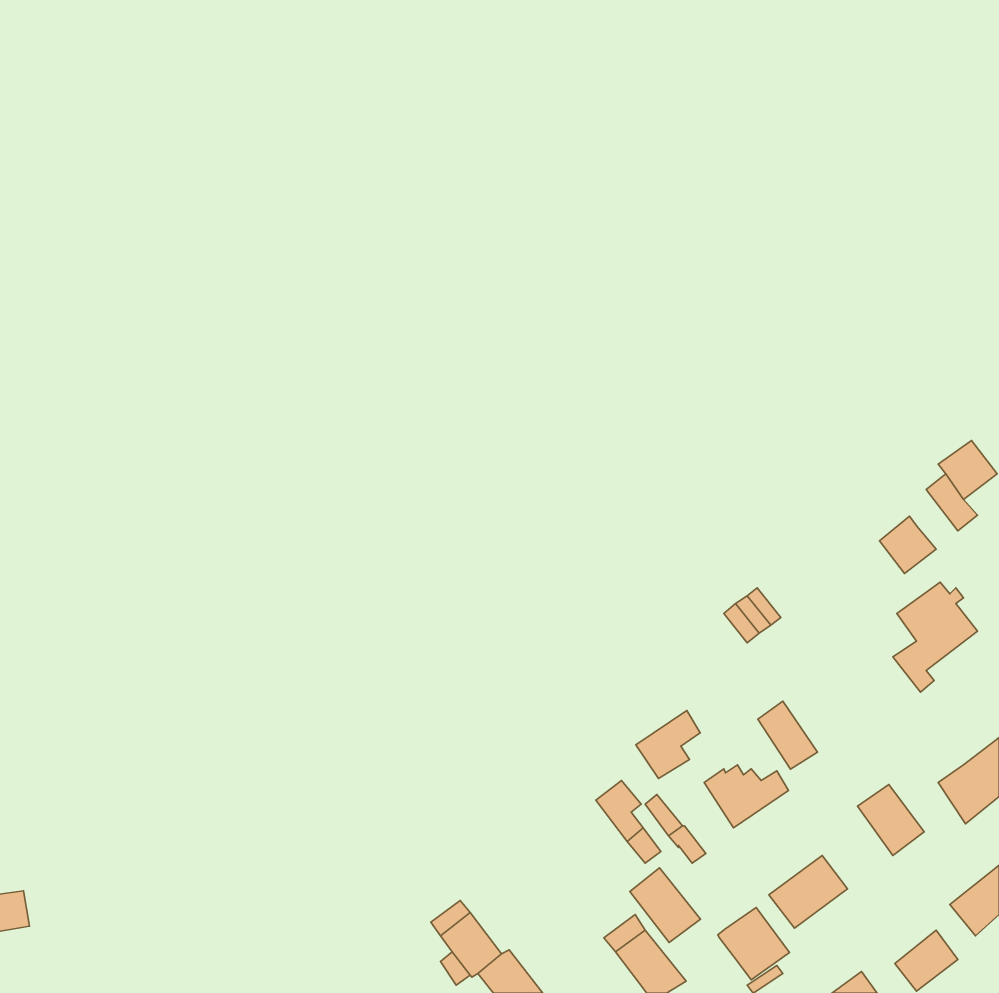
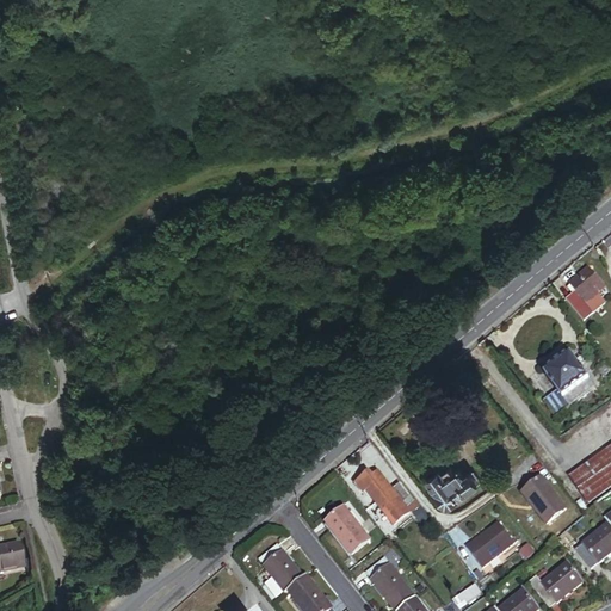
building: [880,516,936,574] -> none
building: [758,701,817,769] -> none
building: [636,710,700,778] -> none
building: [630,868,701,943] -> [327,506,370,551]
building: [718,908,790,980] -> none

